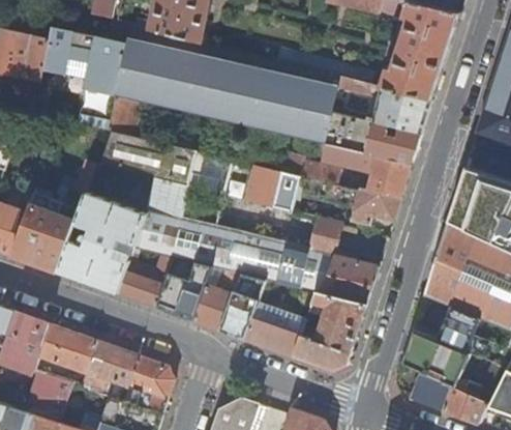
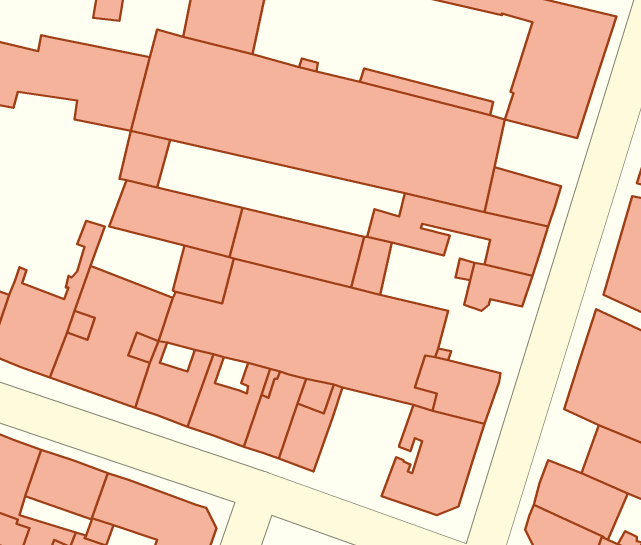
building: [373,88,432,136] -> none
building: [244,302,305,357] -> none

